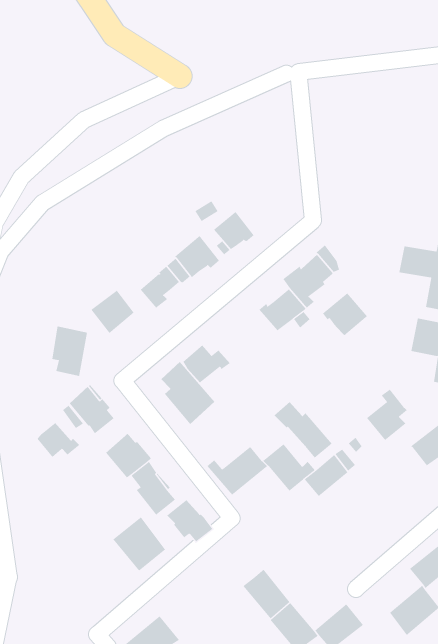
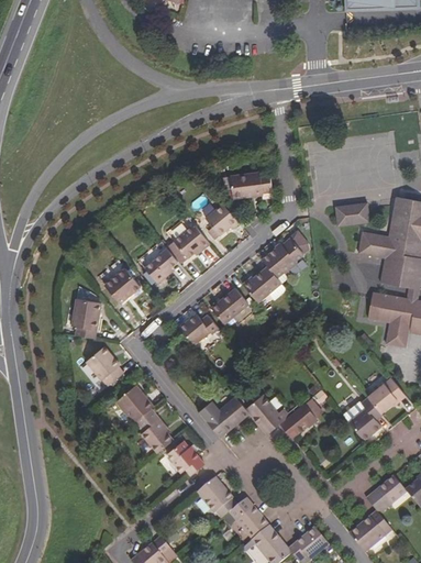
building: none -> [230,172,273,198]
building: none -> [335,202,369,225]
building: [322,292,368,336] -> none
building: none -> [211,287,248,323]
building: [161,361,215,425] -> none
building: [366,389,408,441] -> [348,397,383,440]
building: [274,401,332,459] -> none
building: [37,422,80,458] -> none
building: [113,516,166,571] -> none
building: none -> [197,476,239,518]

